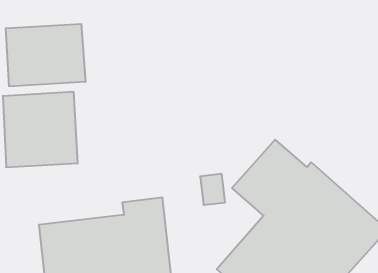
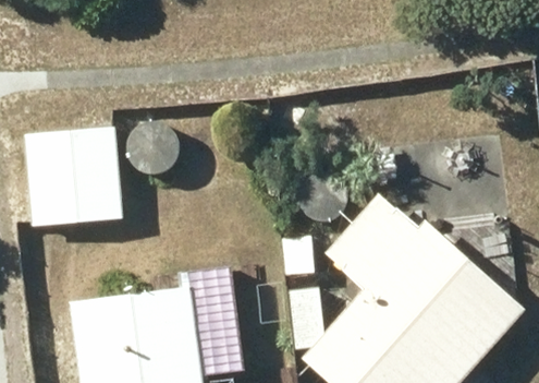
building: [6,24,85,86] -> none

